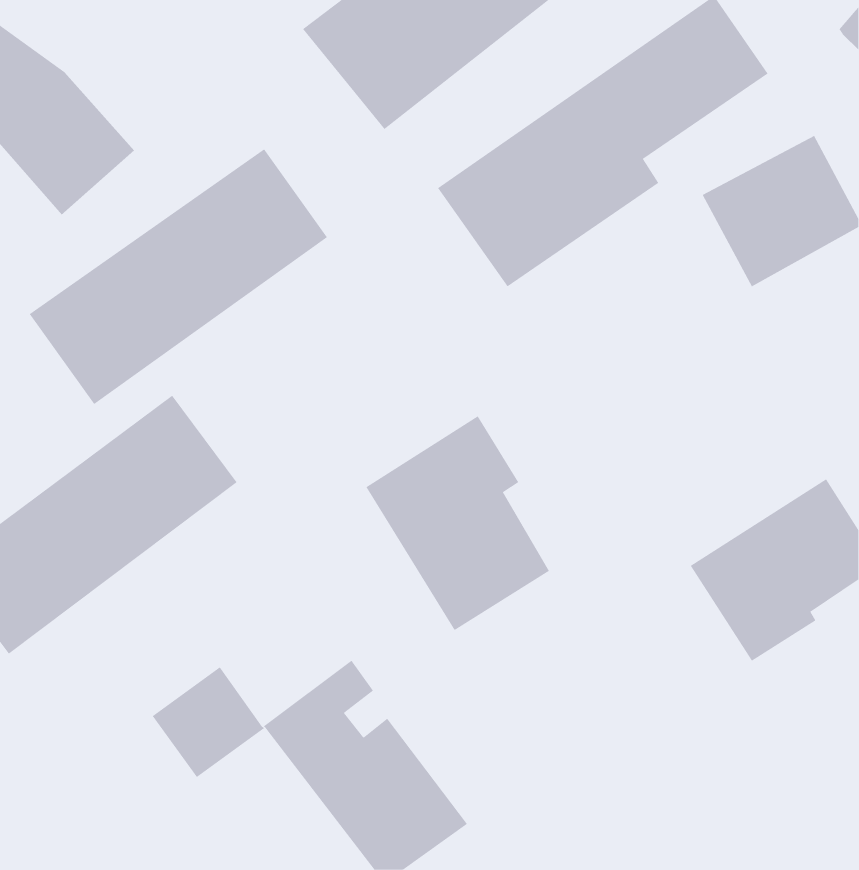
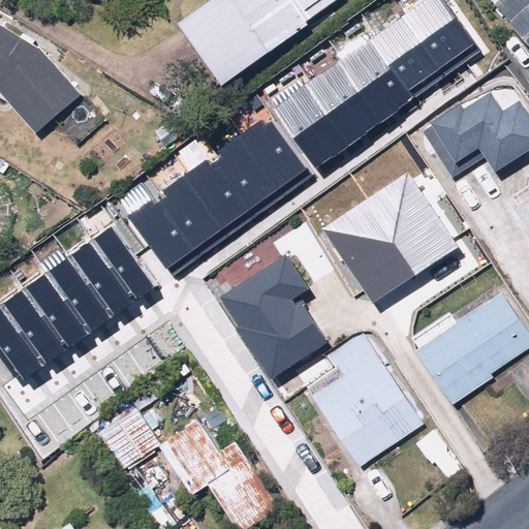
building: [29,148,328,405] -> [120,127,301,282]
building: none -> [323,176,448,300]
building: none -> [302,335,412,470]

